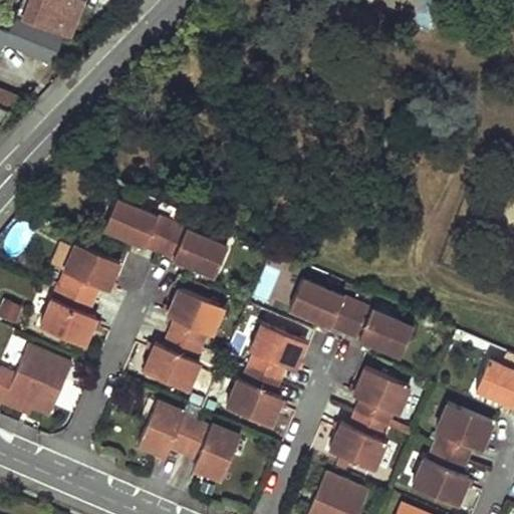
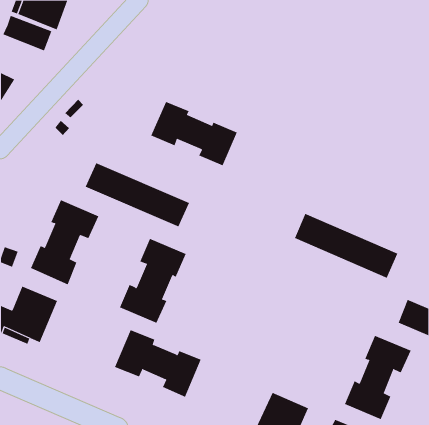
building: none -> [151,101,237,166]
building: [289,280,414,358] -> [294,213,398,279]
building: [226,324,306,427] -> none
building: [328,369,410,472] -> none

